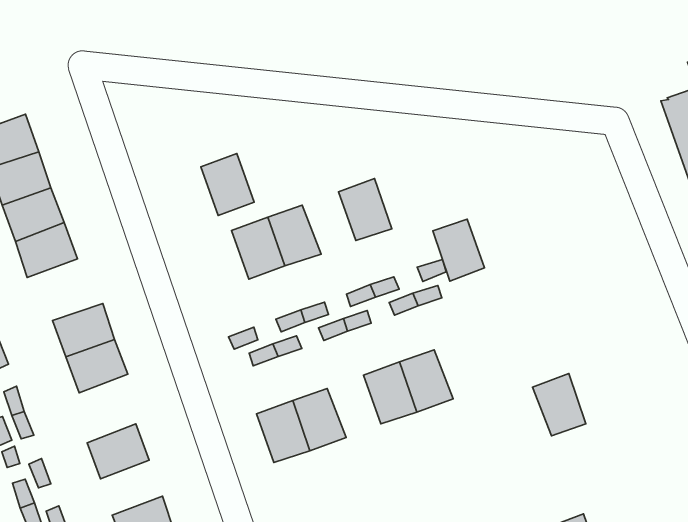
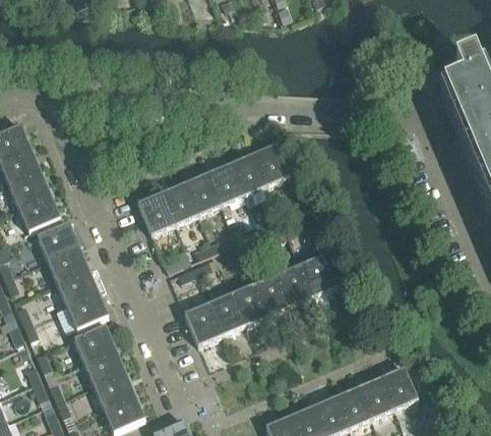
building: [201,153,254,216] -> [138,194,175,235]
building: none -> [207,164,244,206]
building: [433,219,485,281] -> [254,145,290,186]
building: none -> [38,223,79,260]
building: [533,374,586,436] -> [300,255,336,296]
building: none -> [67,292,109,330]
building: none -> [231,284,267,326]
building: none -> [84,348,126,386]

